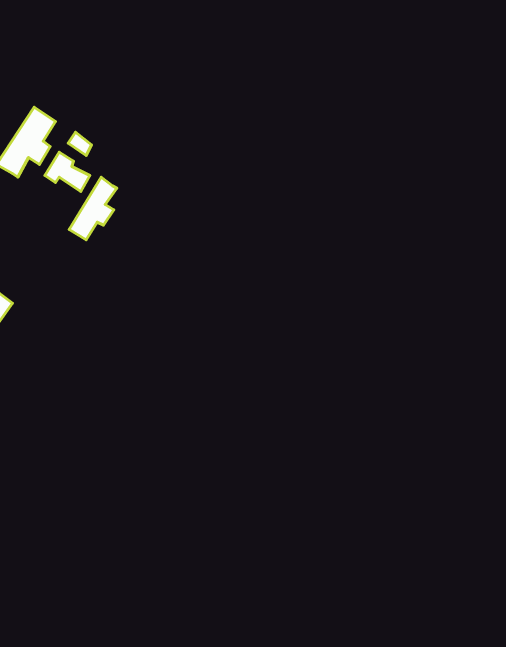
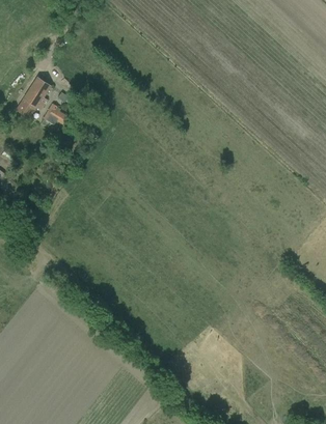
building: [69,177,117,240] -> none

